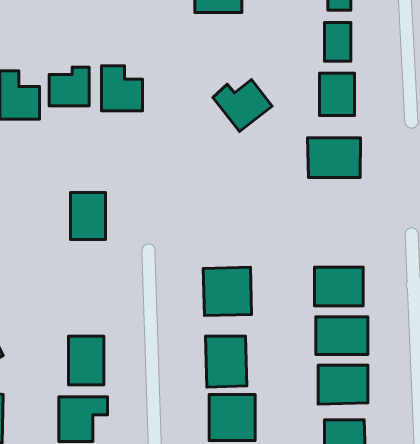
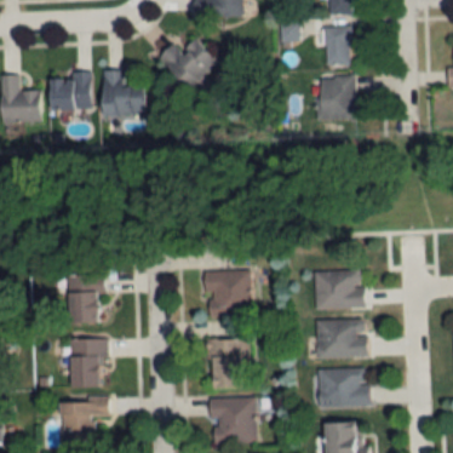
building: [213,79,272,132] -> [159,38,218,90]
building: [307,138,361,178] -> none
building: [71,192,106,240] -> [67,276,102,323]

